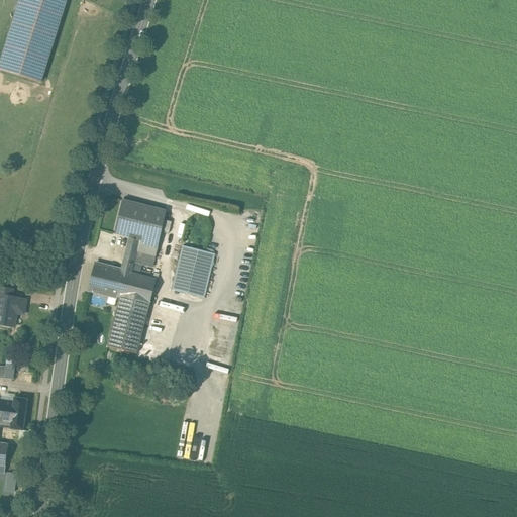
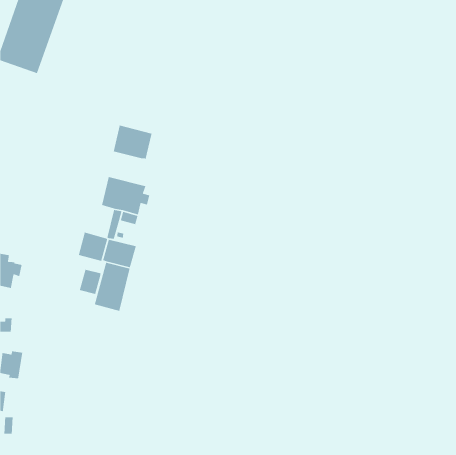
building: none -> [113,125,152,161]
building: [172,244,216,296] -> none
building: none -> [79,269,102,295]

